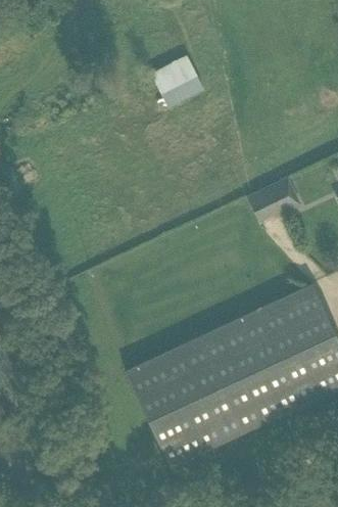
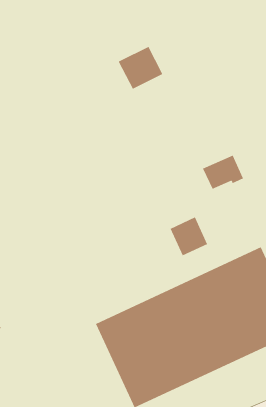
building: none -> [170,217,208,256]

